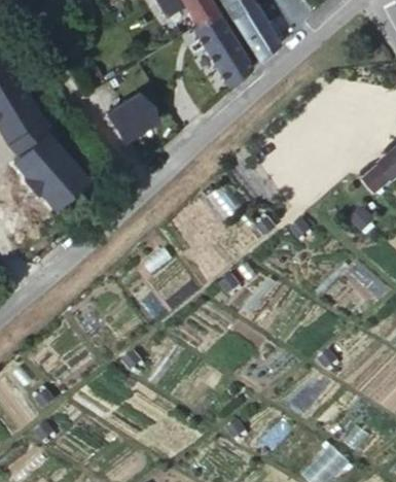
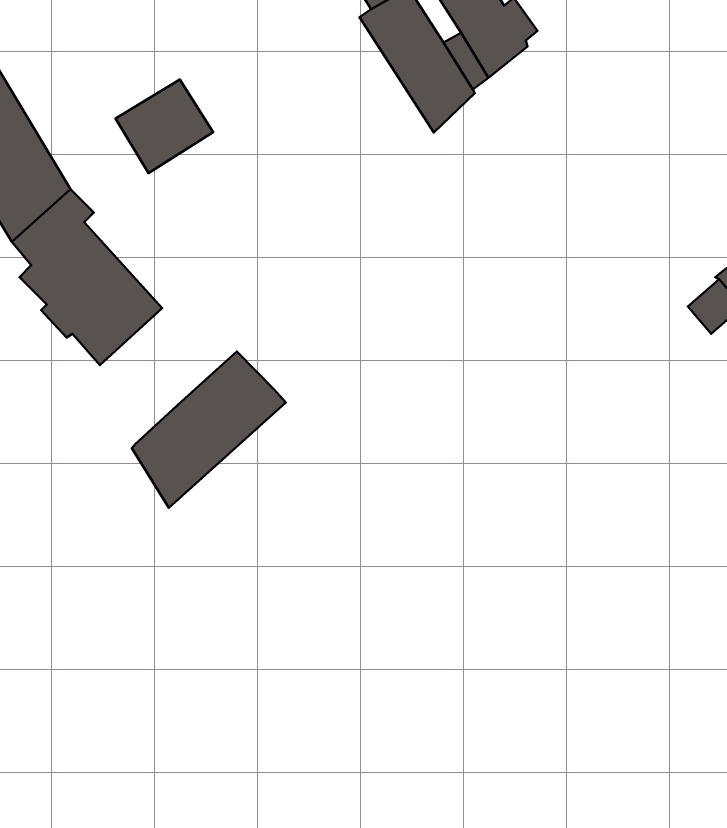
building: [105,94,156,143] -> [115,79,213,173]
building: none -> [132,351,286,508]

